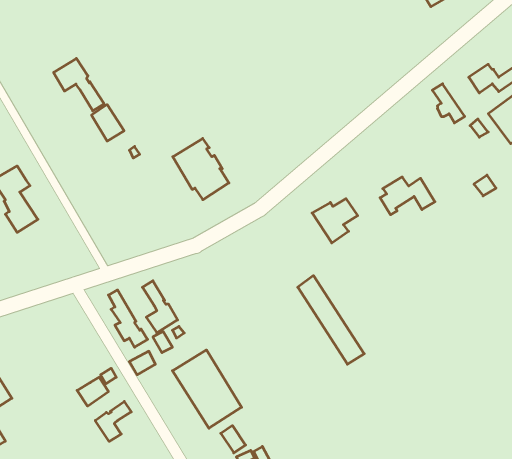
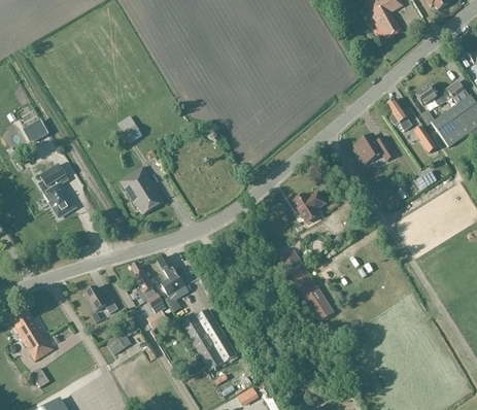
building: [54,58,104,111] -> none
building: [173,138,229,200] -> [120,166,164,214]
building: [380,177,435,215] -> [354,134,398,164]
building: none -> [84,286,117,313]
building: [95,401,131,441] -> none

